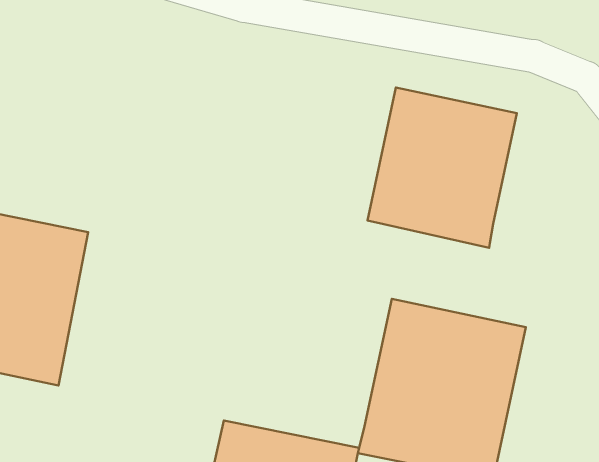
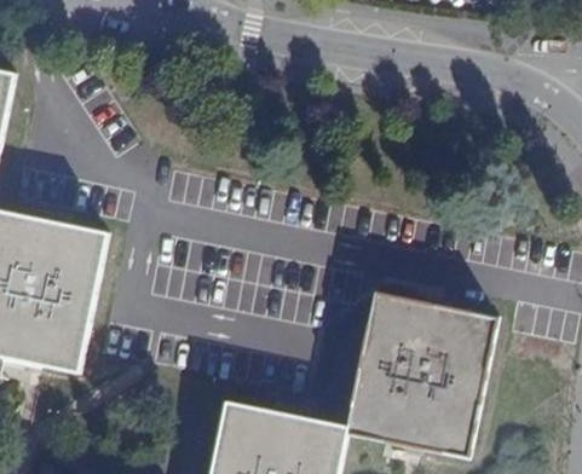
building: [368,87,517,248] -> none

